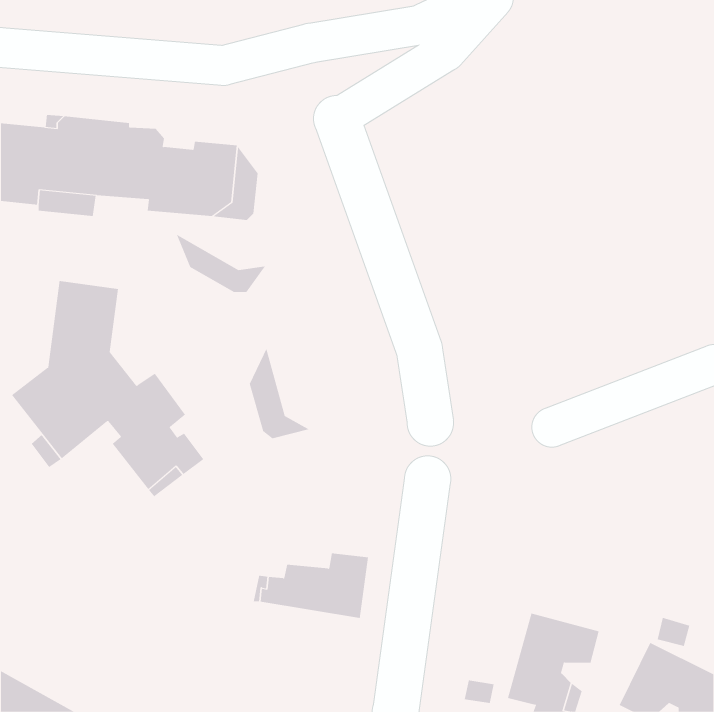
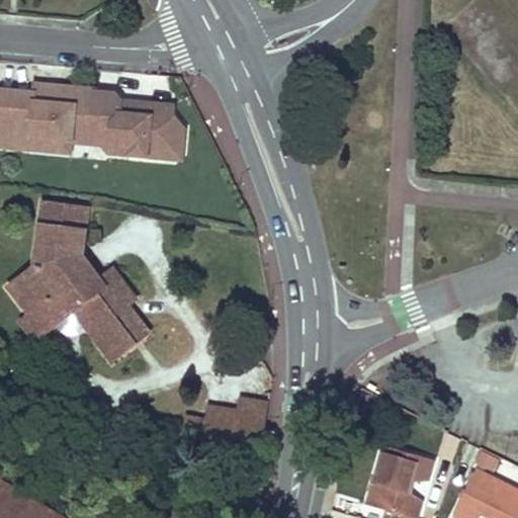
building: [176,233,266,293] -> none
building: [249,348,310,439] -> none

